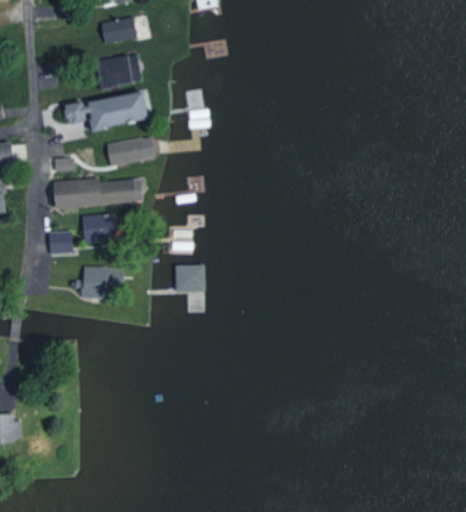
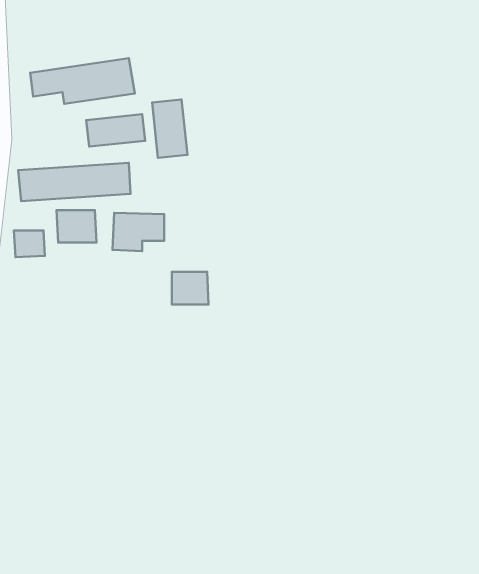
building: [97,56,142,87] -> none
building: none -> [152,100,187,158]
building: [82,267,124,298] -> [113,213,164,251]

